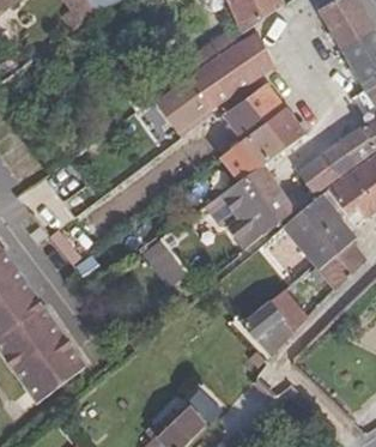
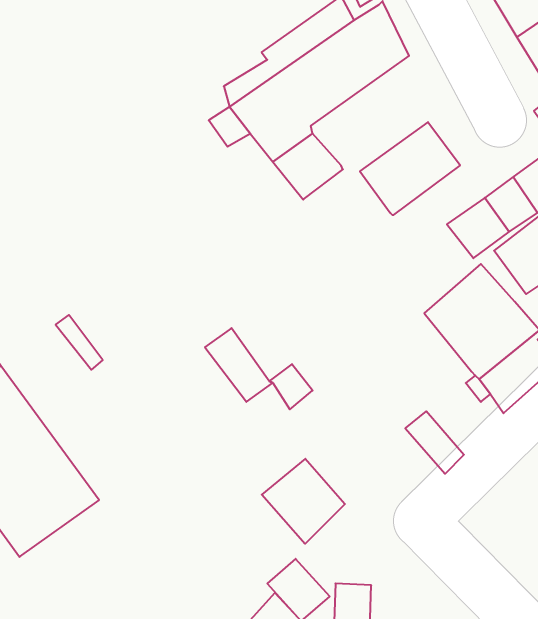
building: [223,80,285,138] -> none
building: [220,164,295,236] -> none
building: [243,301,296,355] -> [262,459,345,544]
building: [26,346,92,405] -> none

